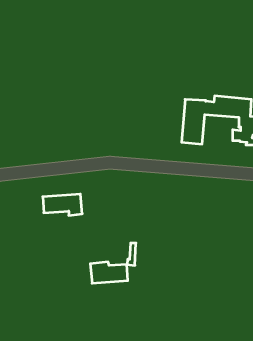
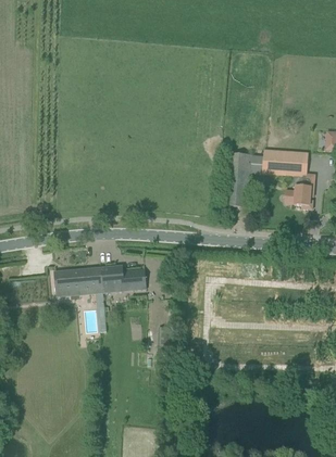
building: [90,262,128,283] -> [100,264,146,290]

